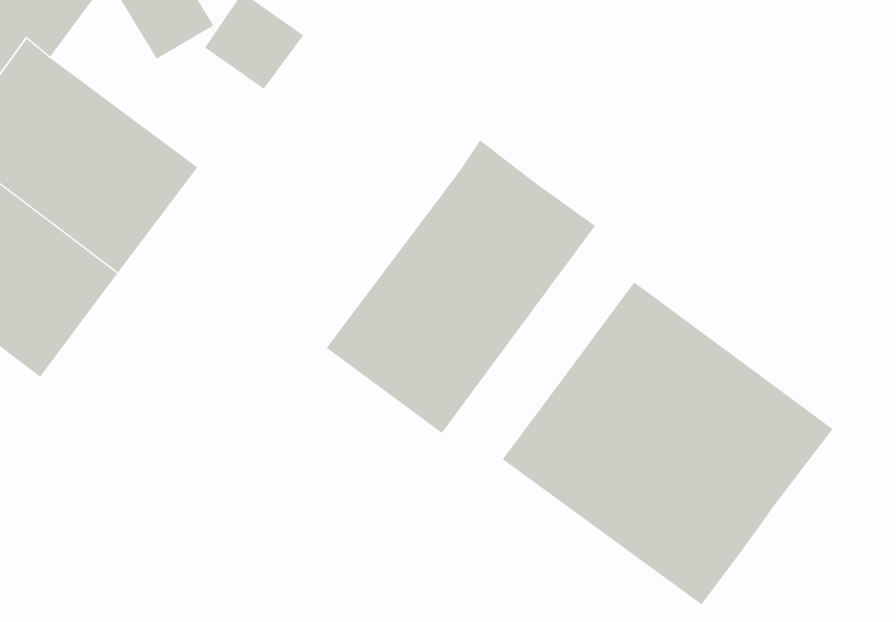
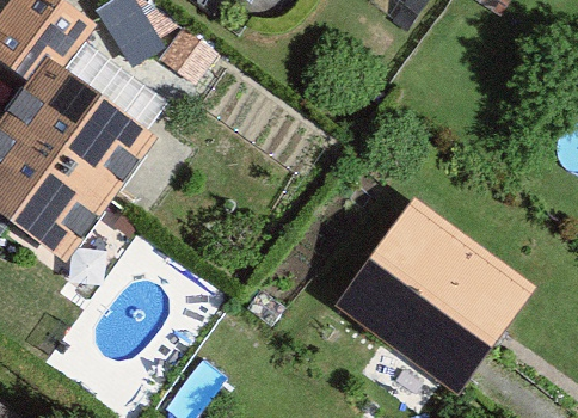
building: [326,140,596,434] -> none

